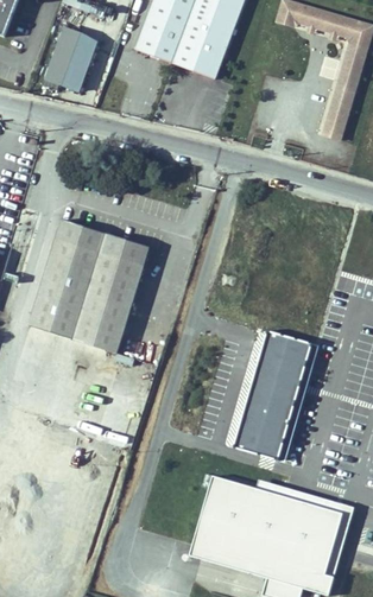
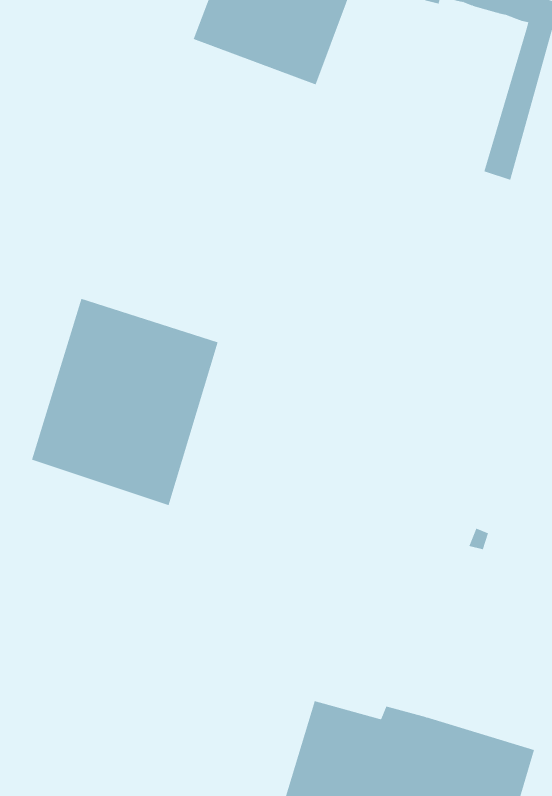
building: [45,32,95,91] -> none
building: [230,331,314,459] -> none

